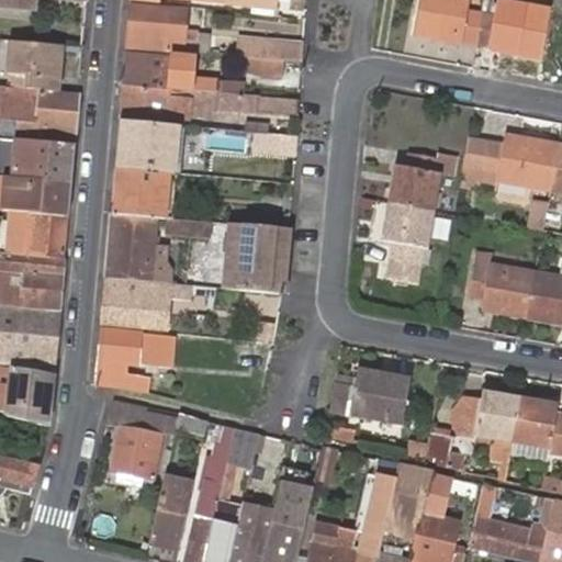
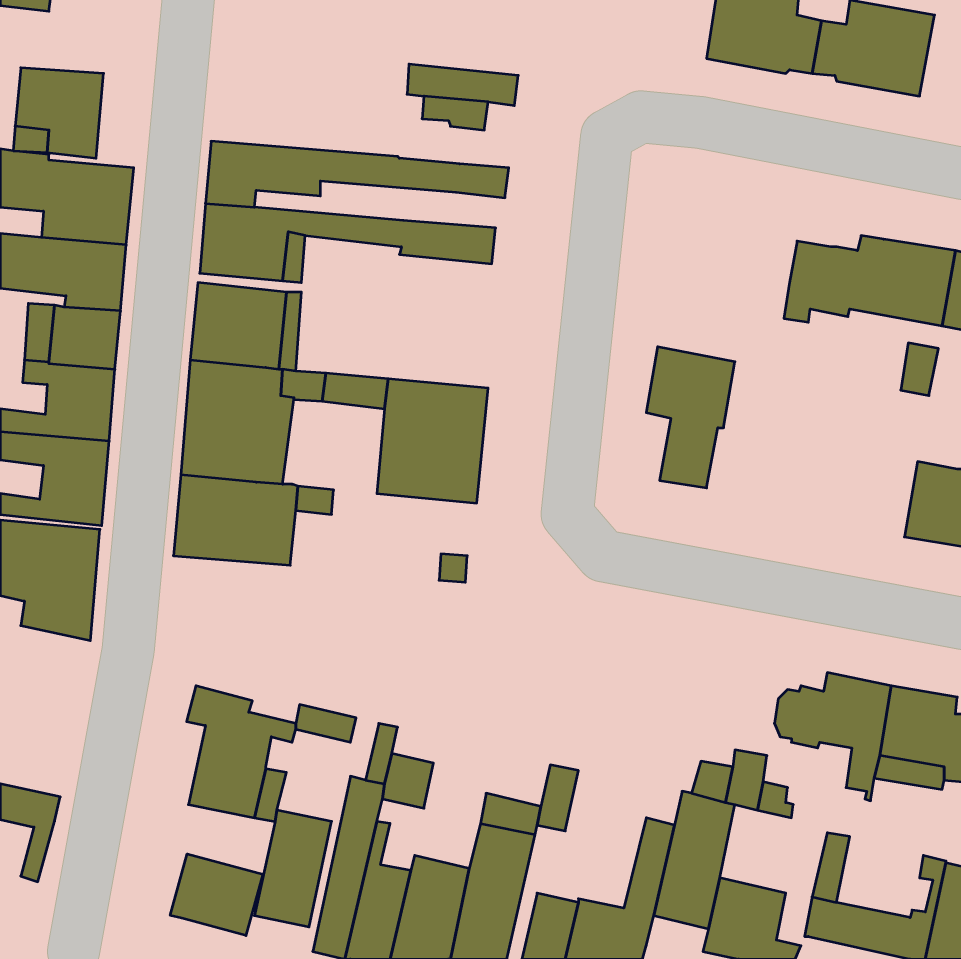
building: [127,7,214,53] -> none
building: [124,50,234,92] -> none
building: [384,150,454,211] -> none
building: [469,249,536,313] -> none
building: [97,330,173,391] -> none
building: [5,364,54,425] -> none
building: [347,369,412,426] -> none
building: none -> [170,854,263,936]

